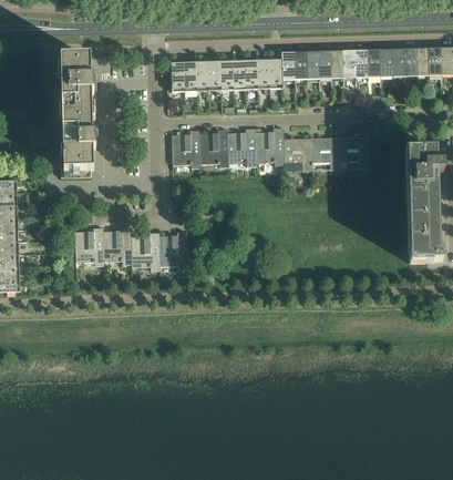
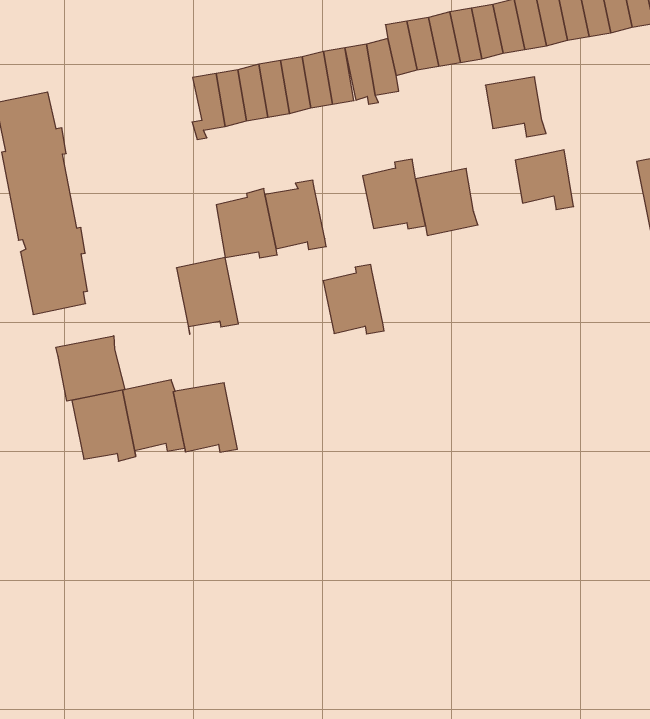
building: [227,129,256,166] -> [323,265,384,334]
building: [312,137,341,170] -> [485,77,546,137]
building: none -> [56,336,125,401]
building: [159,232,188,270] -> [176,258,238,334]

